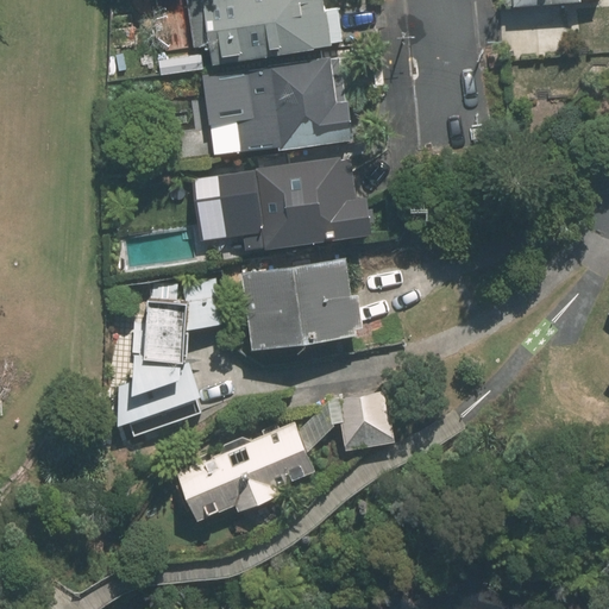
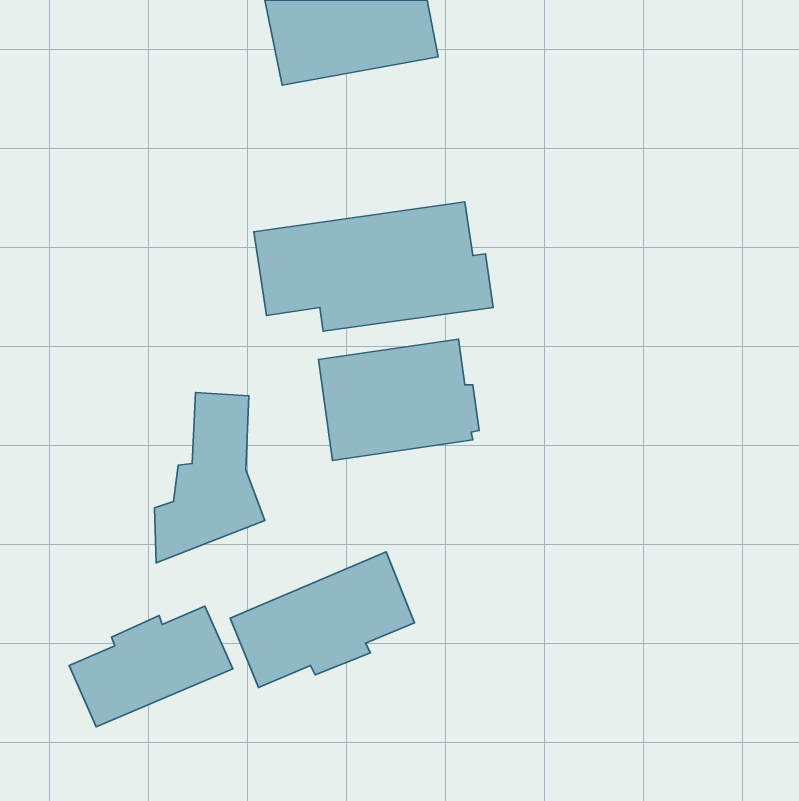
building: [203,62,352,156] -> none
building: [333,383,393,445] -> none
building: none -> [69,606,233,727]

